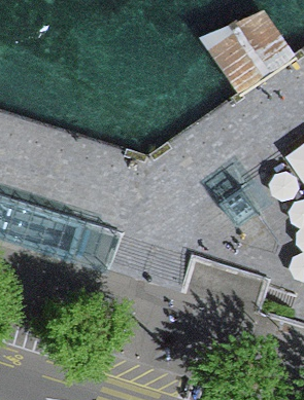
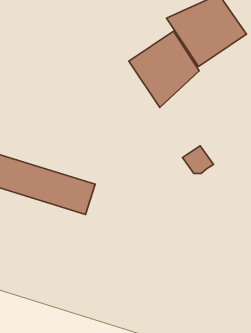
building: none -> [129,31,199,108]

